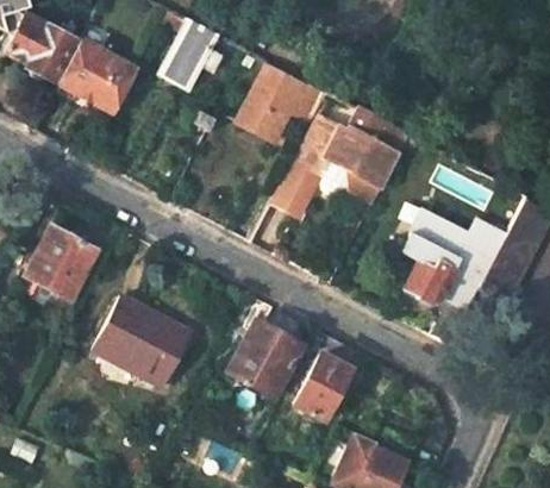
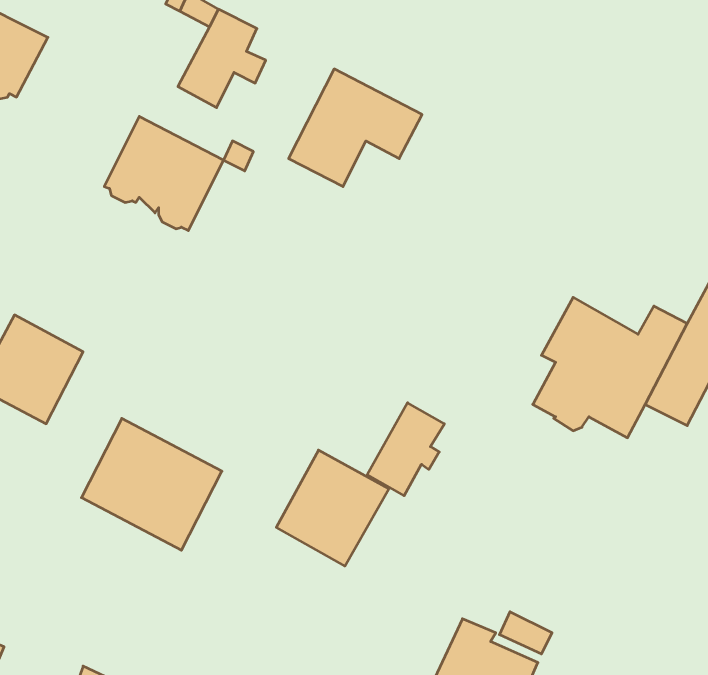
building: [57,36,138,113] -> [104,116,224,231]
building: [275,105,408,207] -> none
building: [294,354,346,417] -> [367,403,444,496]

